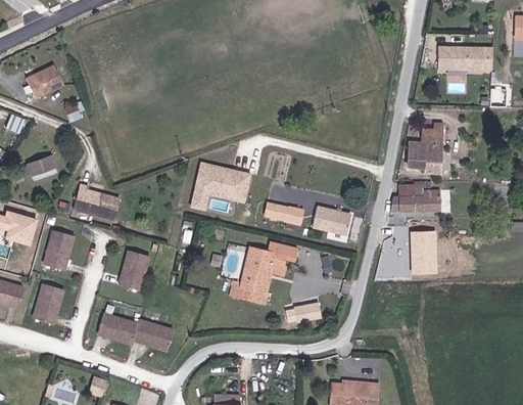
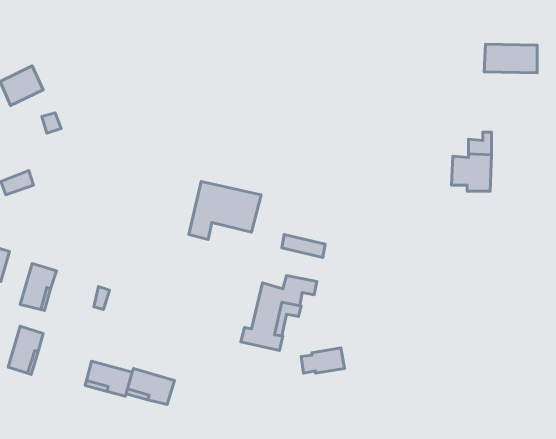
building: [396,180,444,207] -> none
building: [72,184,118,219] -> none
building: [312,207,350,234] -> none
building: [408,230,434,273] -> none
building: [125,253,149,291] -> none

